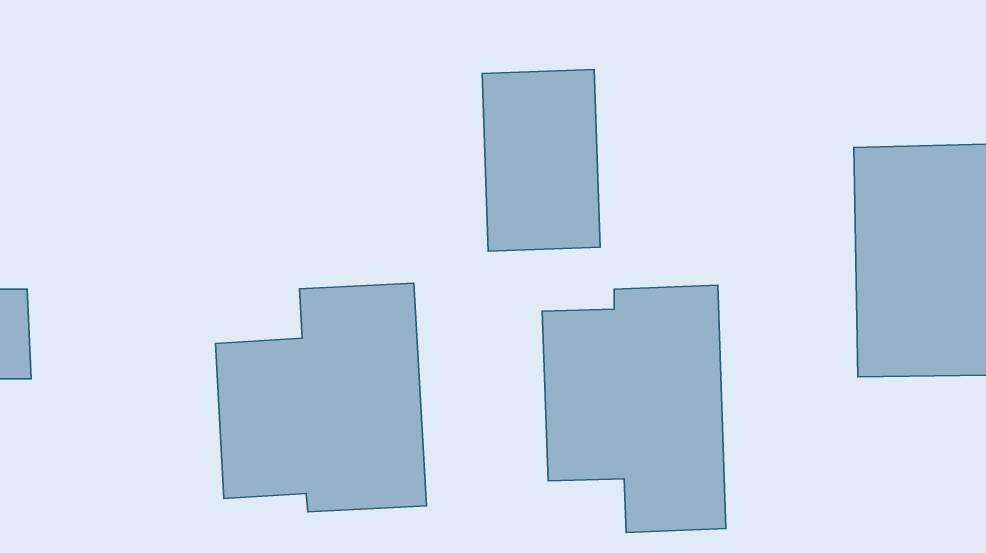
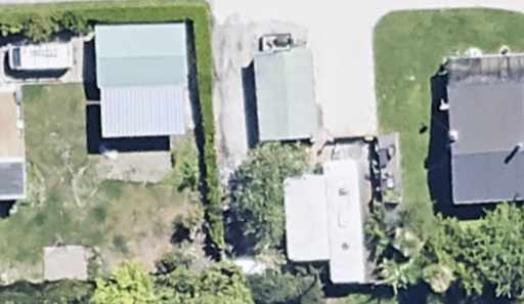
building: none -> [94,17,187,135]
building: [215,283,427,512] -> none

